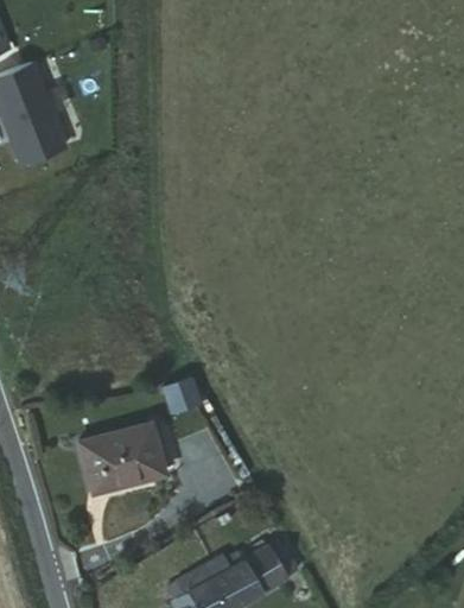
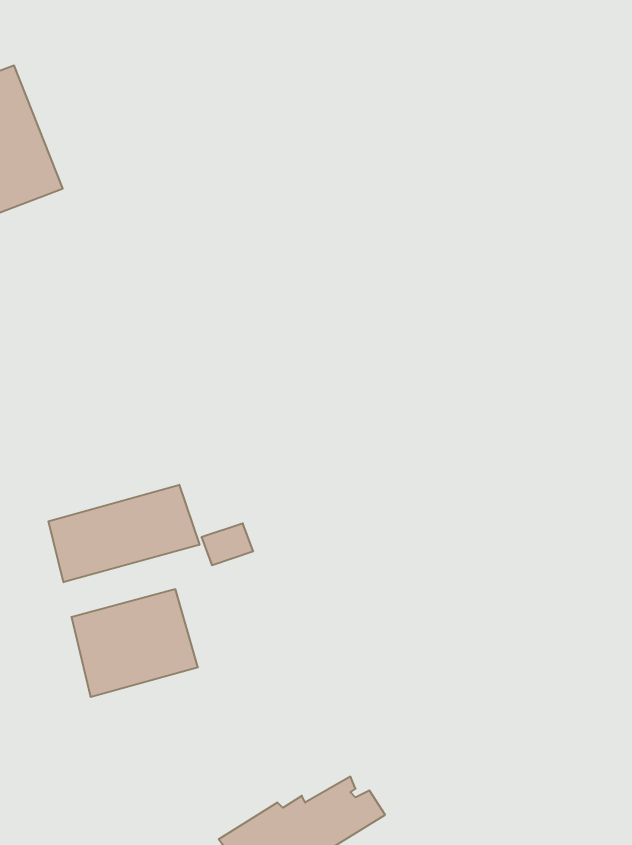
building: none -> [48,485,199,582]

